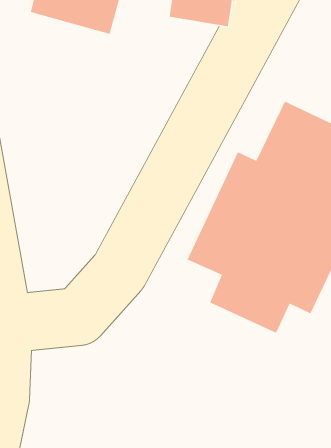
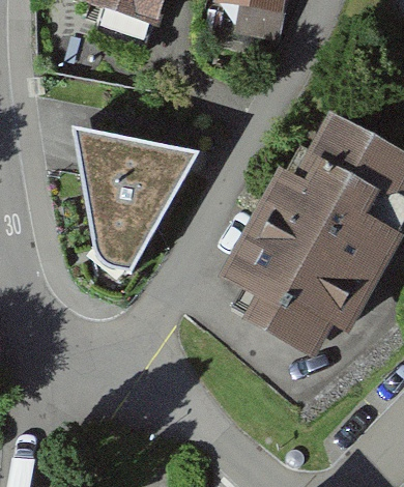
building: none -> [75,124,197,270]

